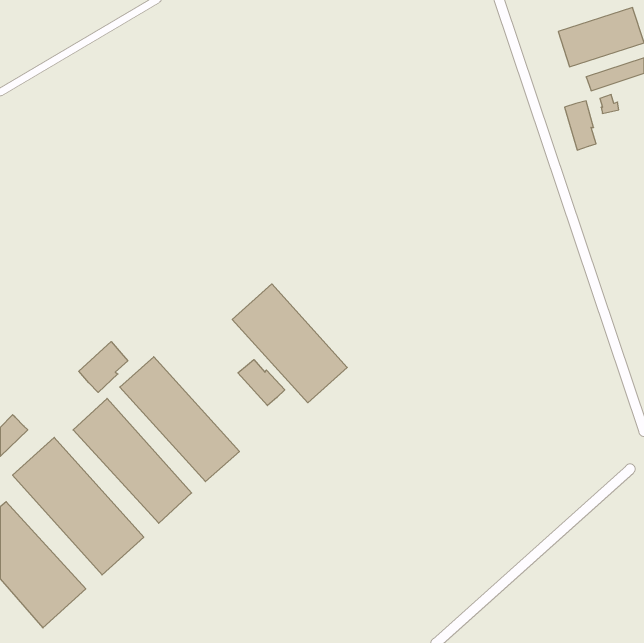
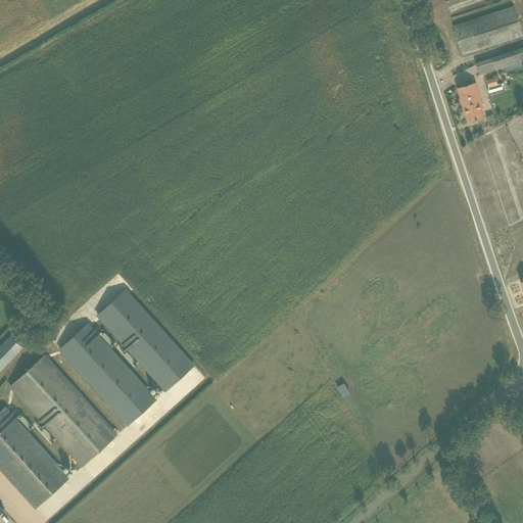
building: [232,284,347,403] -> none
building: [79,342,128,392] -> none
building: [238,360,285,406] -> none

